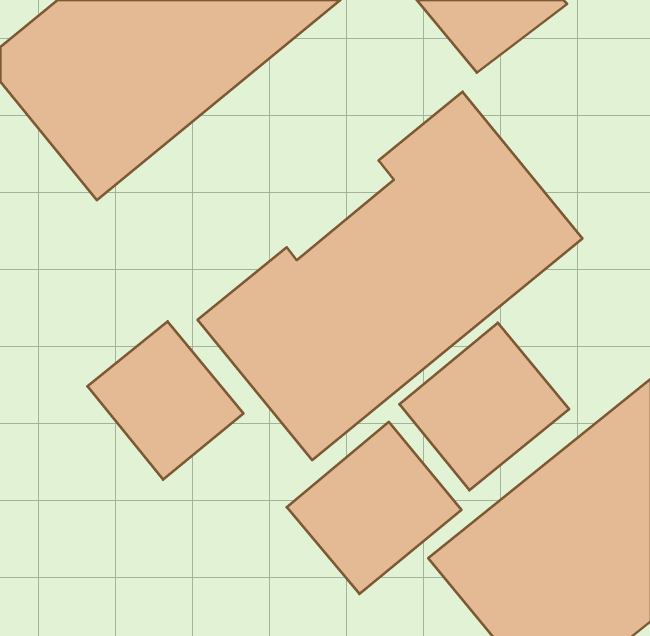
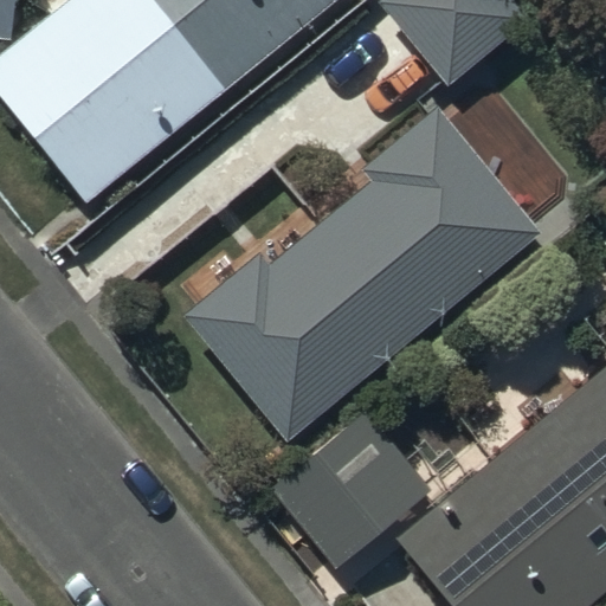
building: [87,321,243,480] -> none
building: [399,323,569,490] -> none

